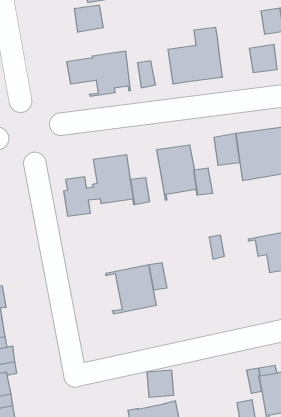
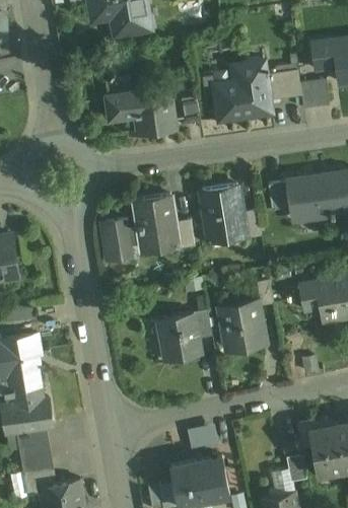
building: [74,5,103,32] -> none
building: none -> [266,71,301,100]
building: none -> [220,302,264,350]

